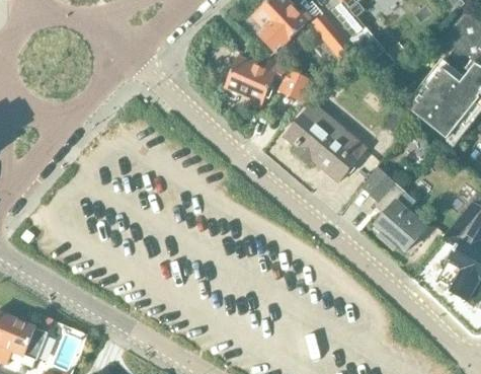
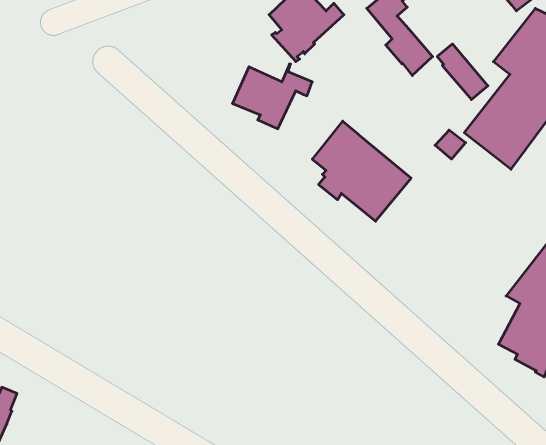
building: [311,13,351,58] -> [437,44,488,100]
building: [276,70,312,102] -> none
building: [363,168,427,251] -> none

